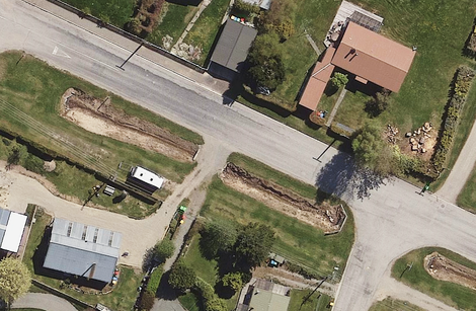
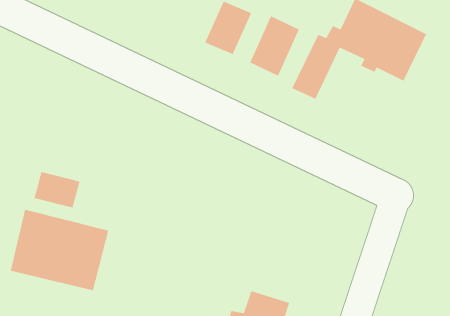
building: none -> [249,15,300,77]
building: none -> [33,171,80,208]

